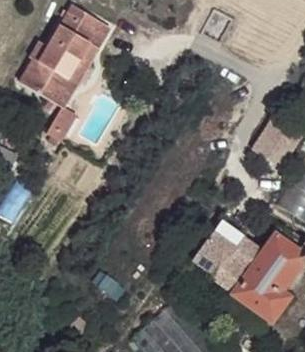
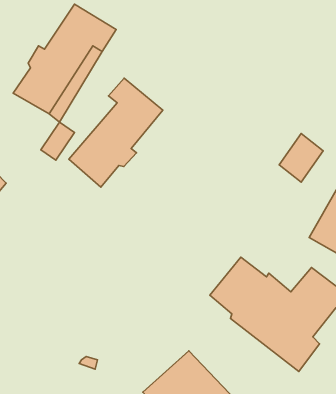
building: none -> [69,78,163,187]

